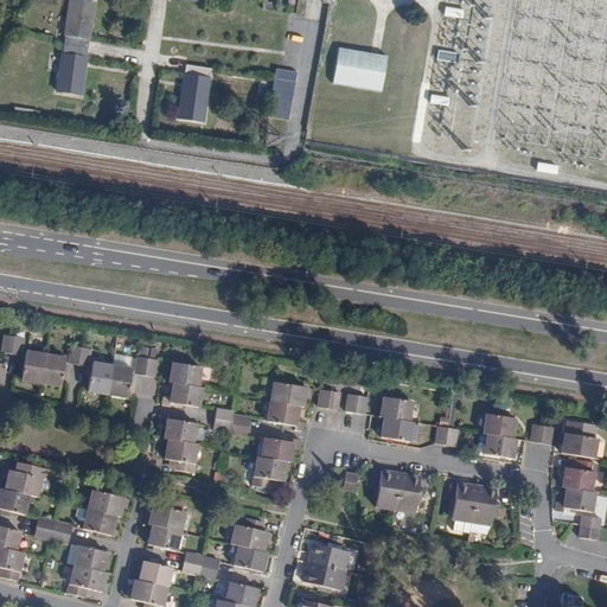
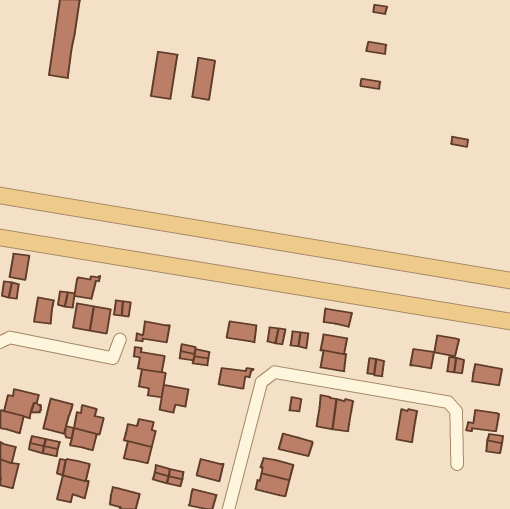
building: [332,46,386,91] -> none
building: [270,72,298,122] -> [192,58,215,100]
building: none -> [74,276,100,299]
building: [21,351,45,382] -> [9,254,29,280]
building: [168,363,200,386] -> none
building: none -> [324,308,352,327]
building: [266,401,302,430] -> none
building: [487,434,517,459] -> [434,335,459,356]
building: [251,456,286,488] -> [160,386,189,413]
building: [561,461,594,491] -> none
building: none -> [43,398,72,434]
building: [451,481,477,522] -> none
building: none -> [279,434,312,456]
building: [231,517,267,551] -> none
building: [139,560,171,587] -> none

